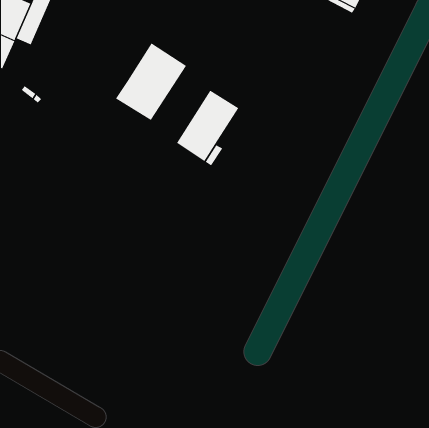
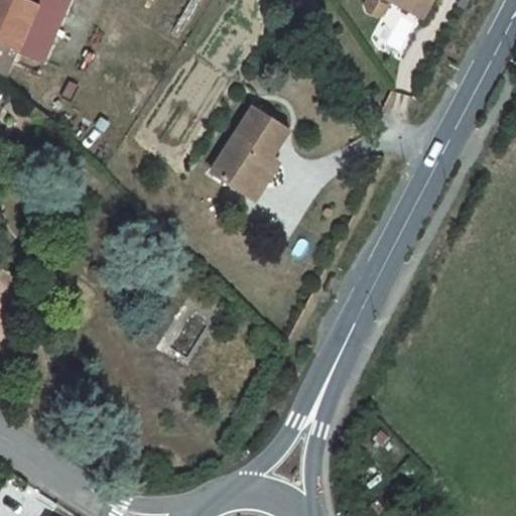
building: [115,42,187,121] -> none

